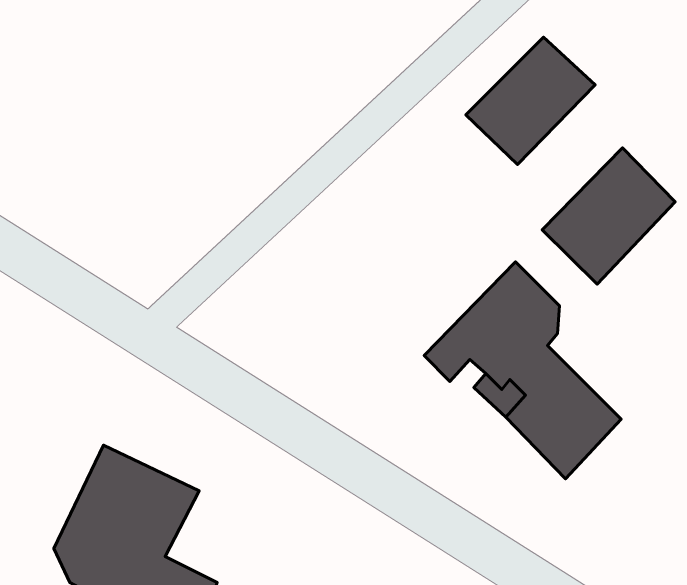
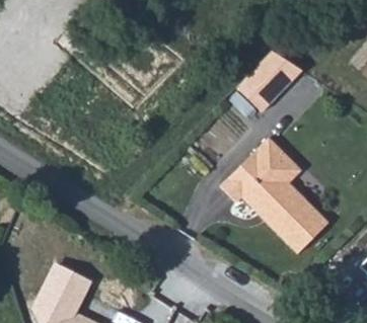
building: [542,148,675,284] -> none

